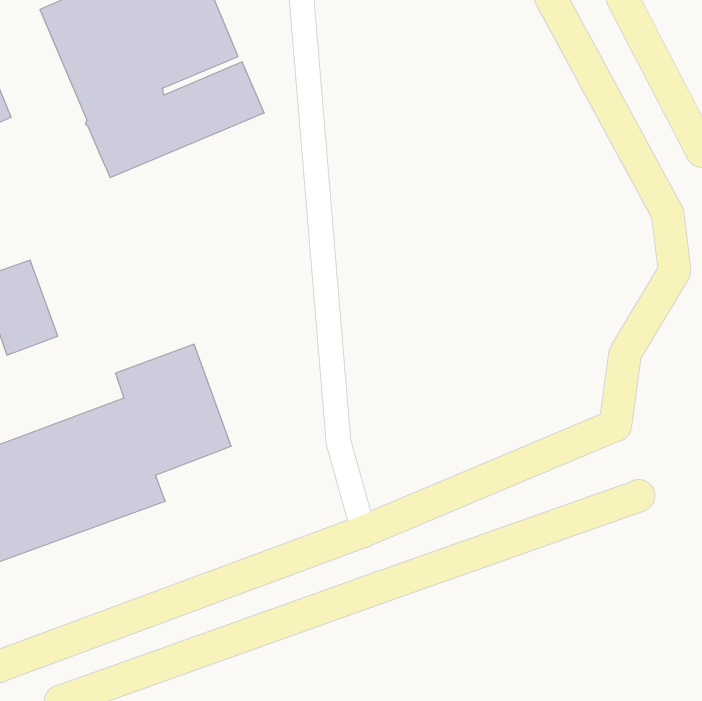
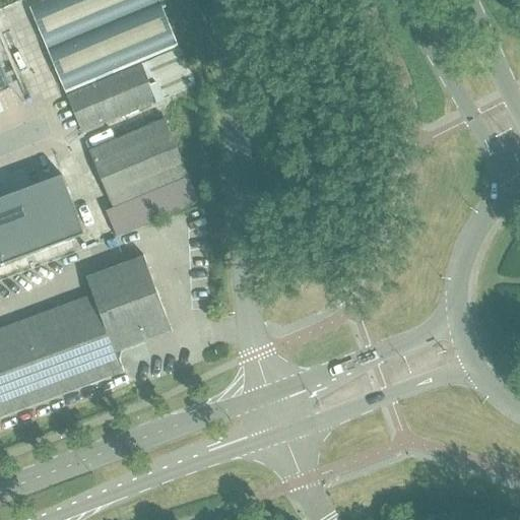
building: none -> [88,118,199,235]
building: none -> [22,178,80,248]

